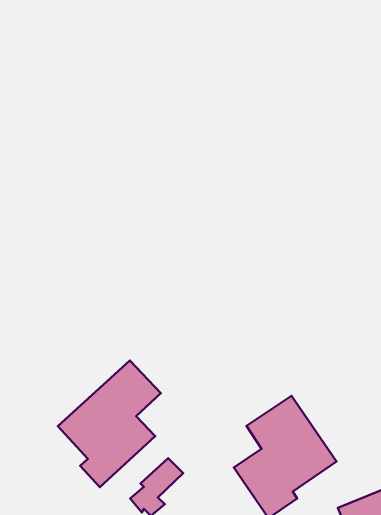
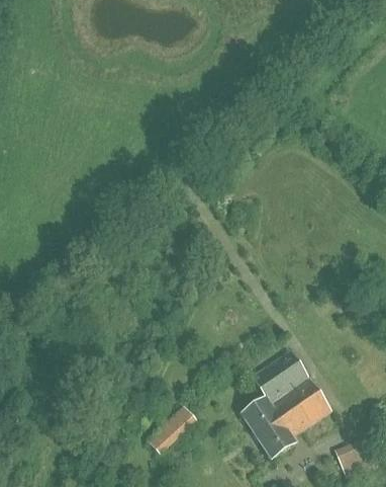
building: [58,361,161,487] -> none

